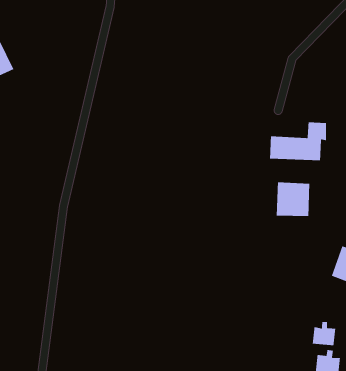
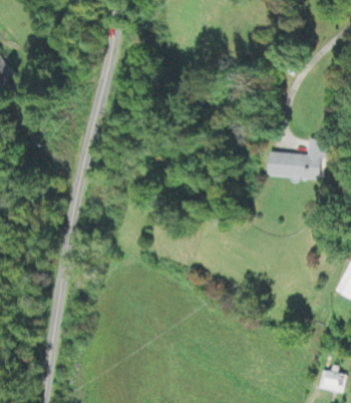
building: [276,181,310,217] -> none
building: [312,321,336,346] -> none

